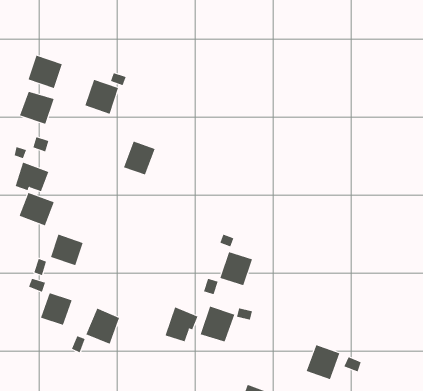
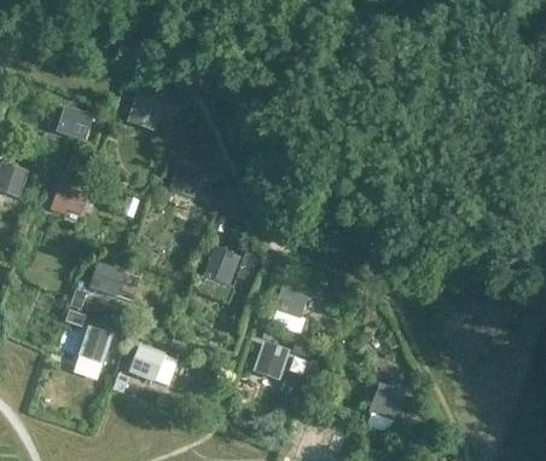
building: [28,55,63,89] -> none
building: [19,192,54,226] -> none
building: none -> [204,255,238,293]
building: [165,307,198,342] -> none

